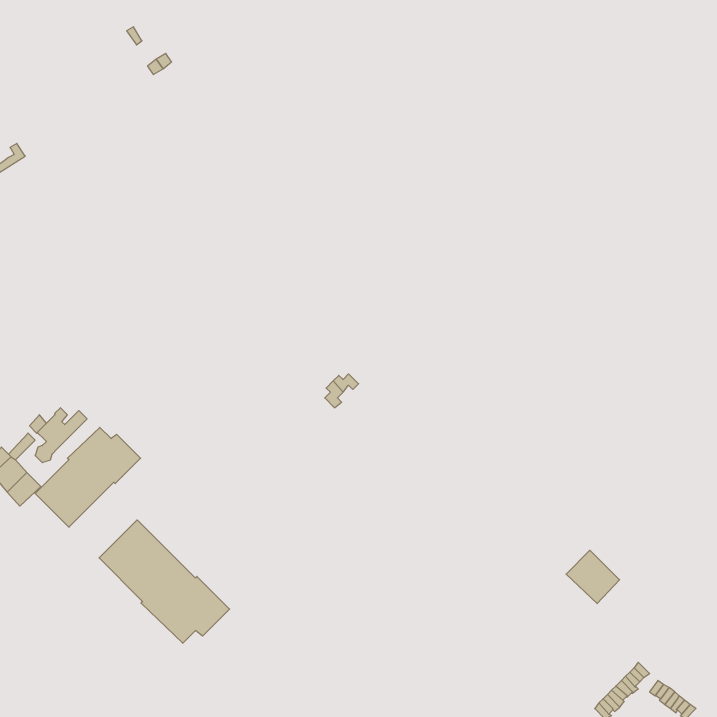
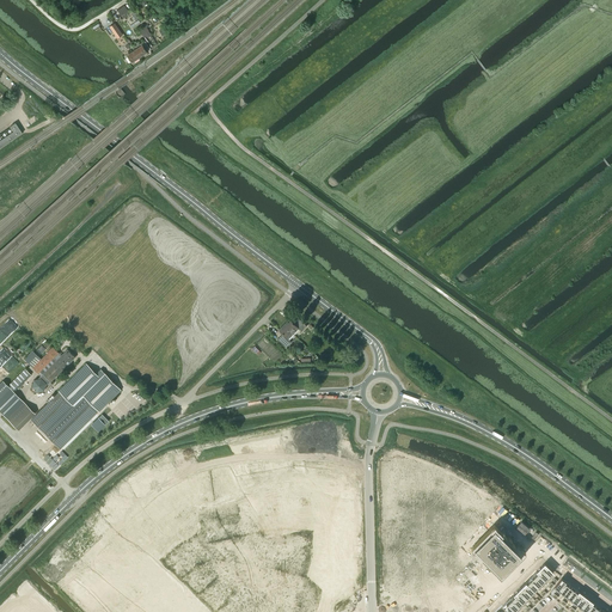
building: [99,520,230,643] -> none
building: [566,550,620,604] -> [475,530,520,575]

